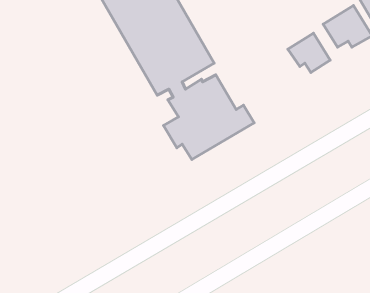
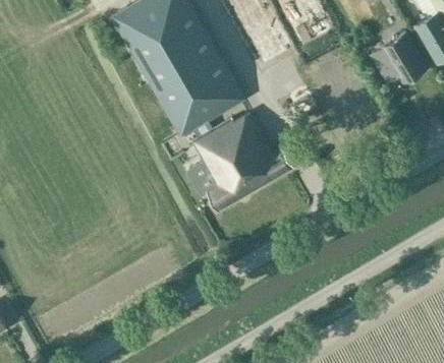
building: [288,33,330,72] -> none

